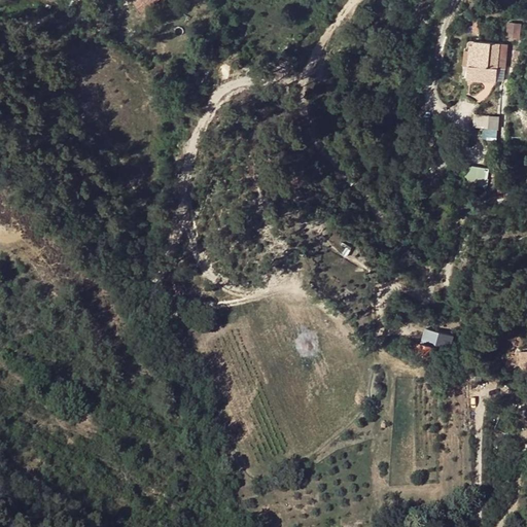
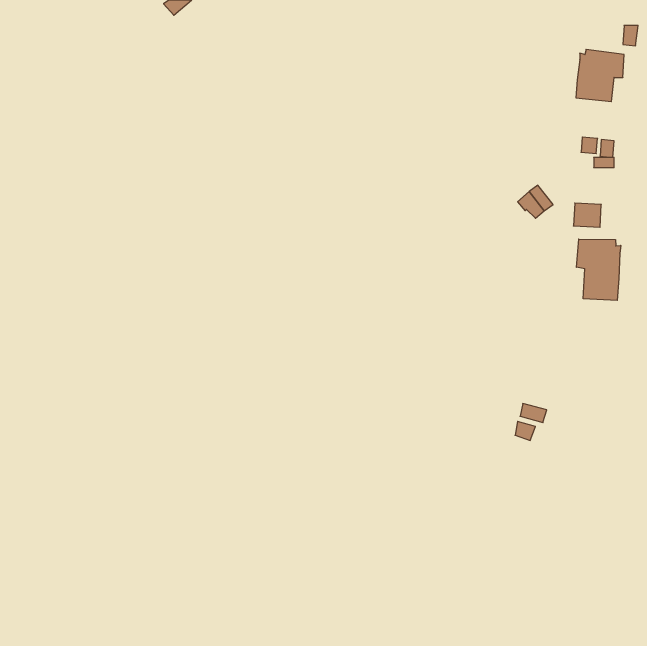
building: none -> [576,239,621,300]

